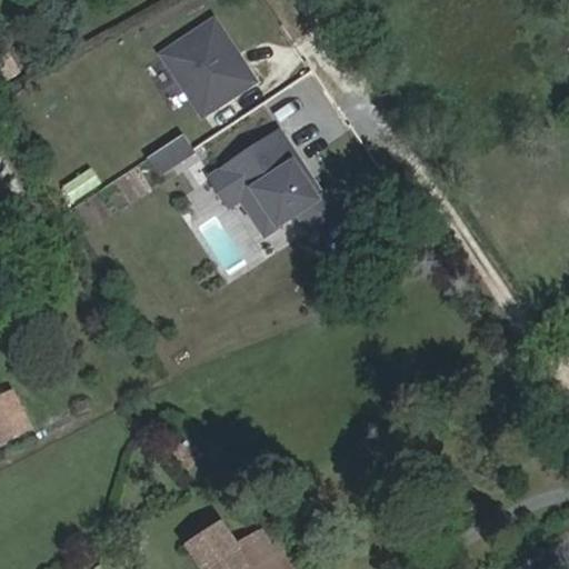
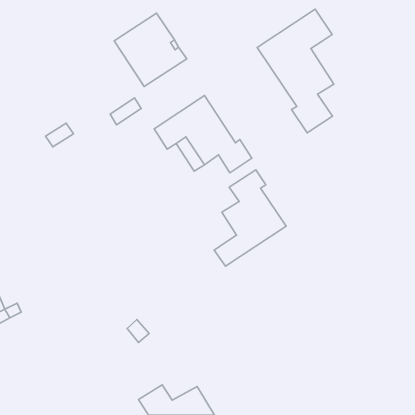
building: none -> [257,9,334,133]
building: none -> [214,170,286,266]

